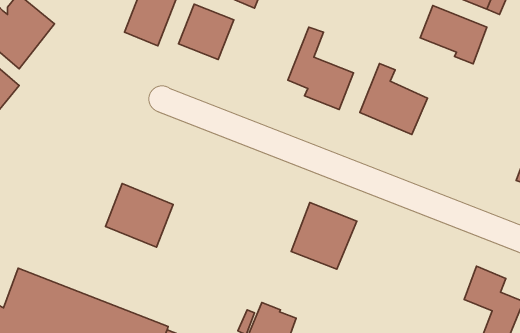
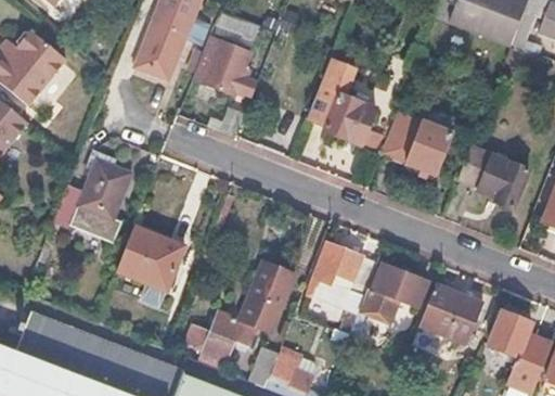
building: [420,5,487,64] -> [459,144,528,205]
building: none -> [38,159,133,258]
building: none -> [188,258,296,357]
building: none -> [363,264,428,321]
building: none -> [418,283,483,344]

